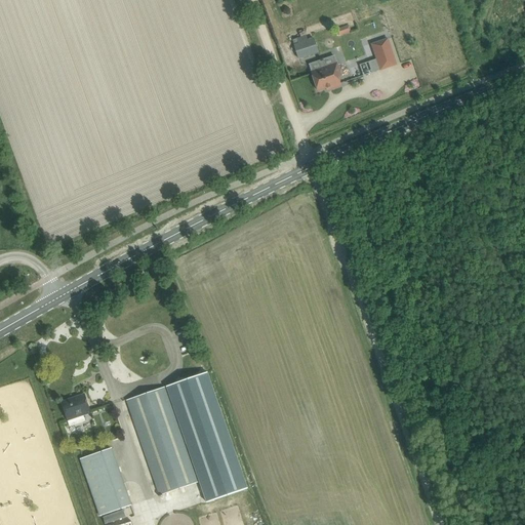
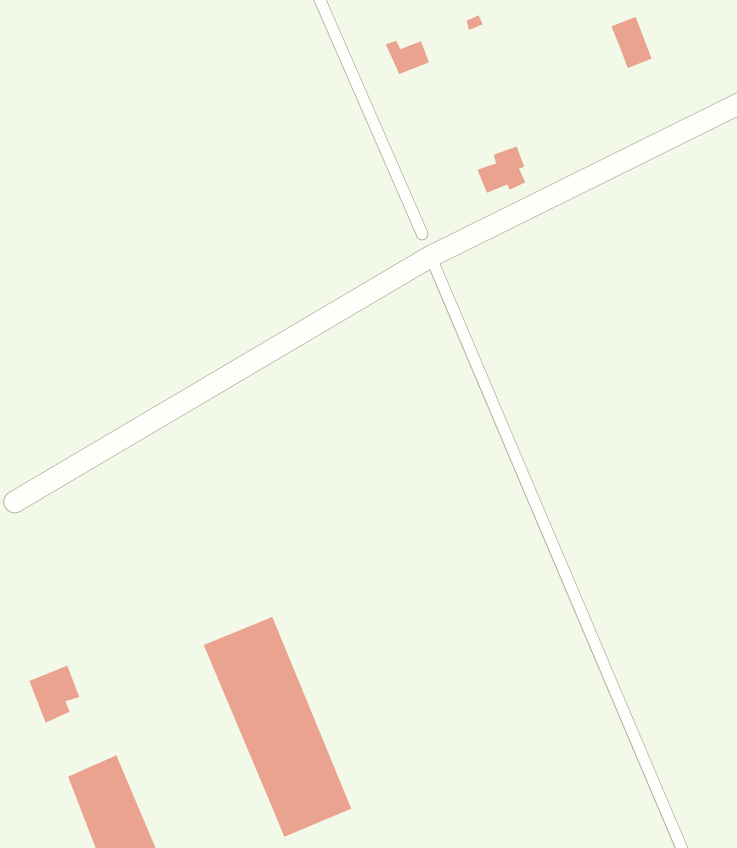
building: [371,38,395,69] -> [611,16,653,69]
building: [312,62,340,89] -> [476,145,526,193]
building: [126,386,198,494] -> none

